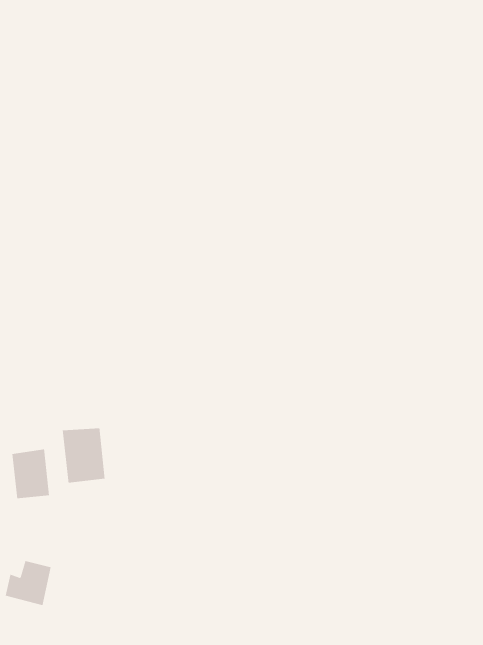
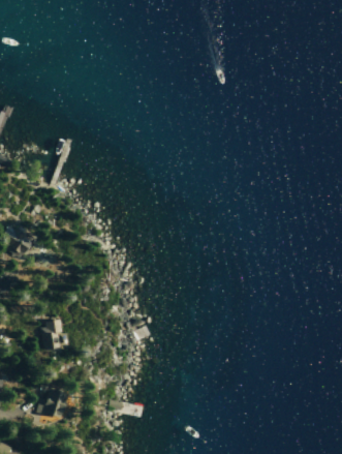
building: [62,428,105,484] -> none

